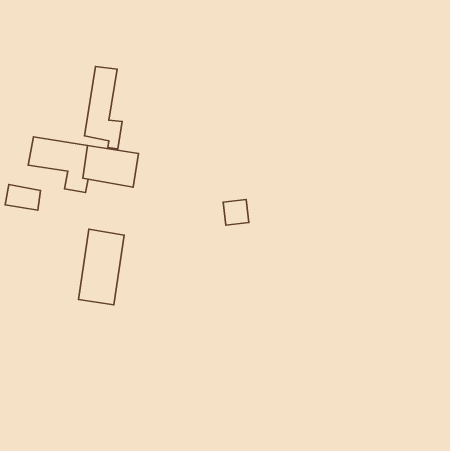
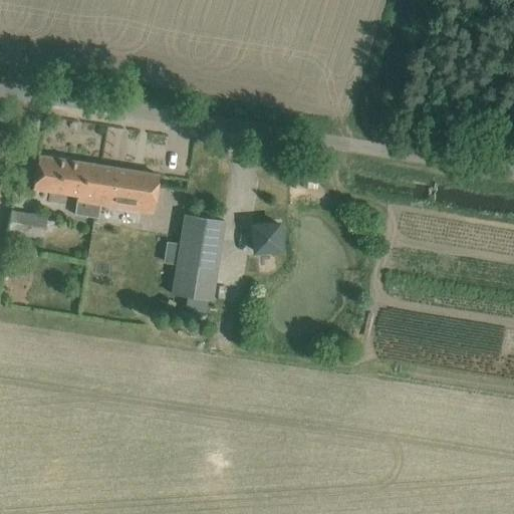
building: [85,66,122,149] -> none
building: [78,229,124,305] -> [173,214,225,300]

